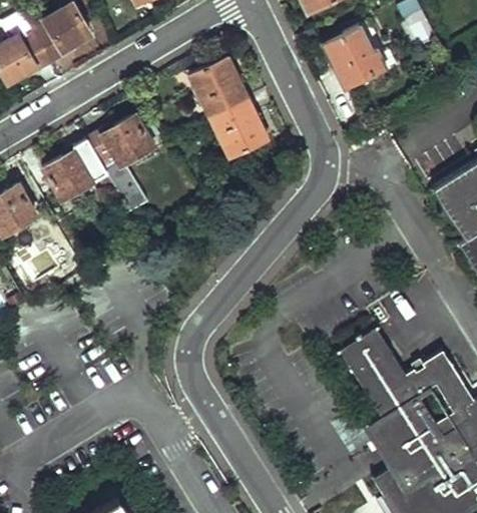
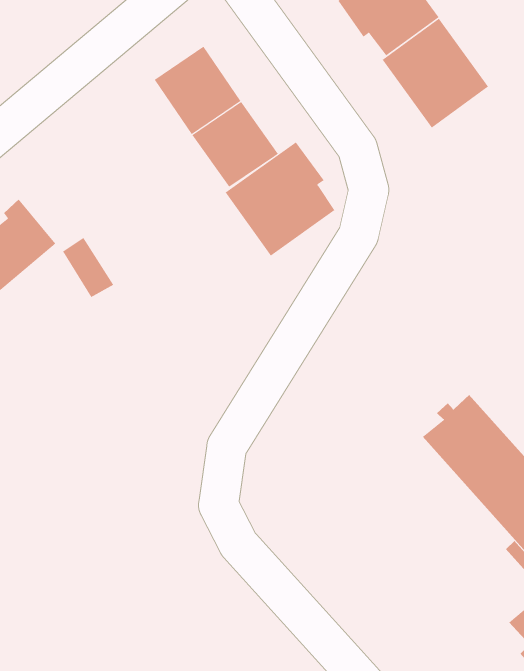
building: none -> [382,18,489,129]
building: [90,117,156,175] -> none
building: none -> [225,142,335,257]

